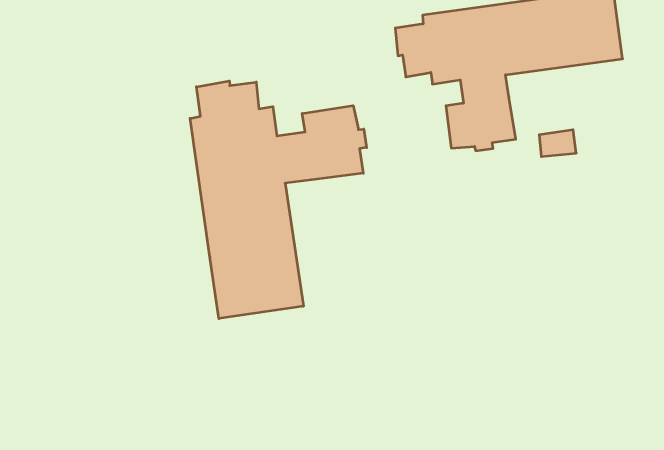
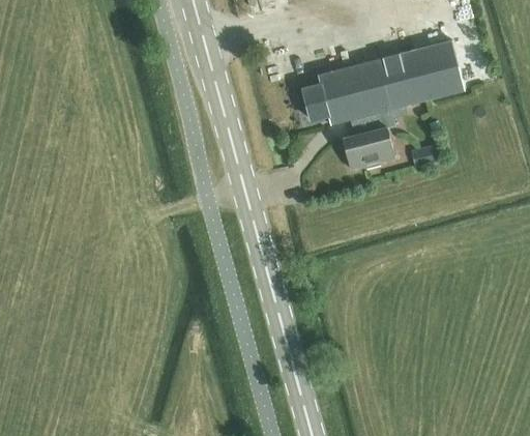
building: [190,81,367,319] -> none

